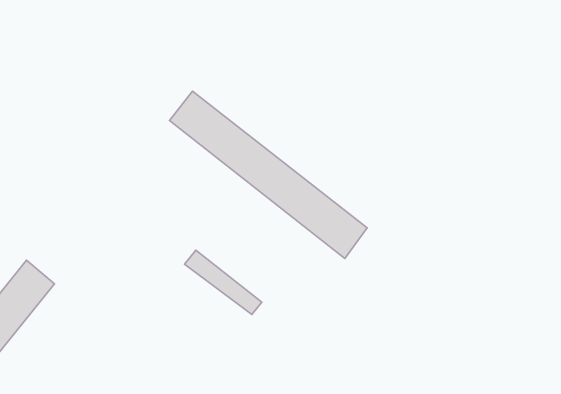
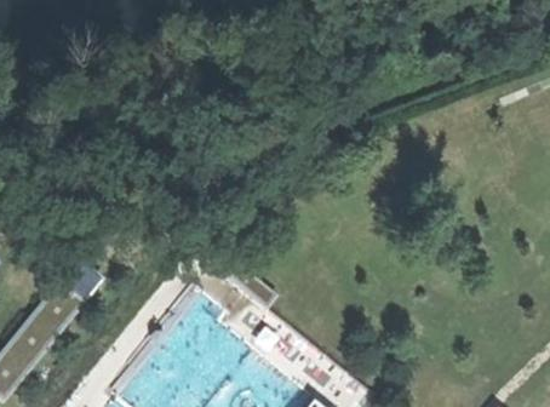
building: [170,91,367,258] -> none

